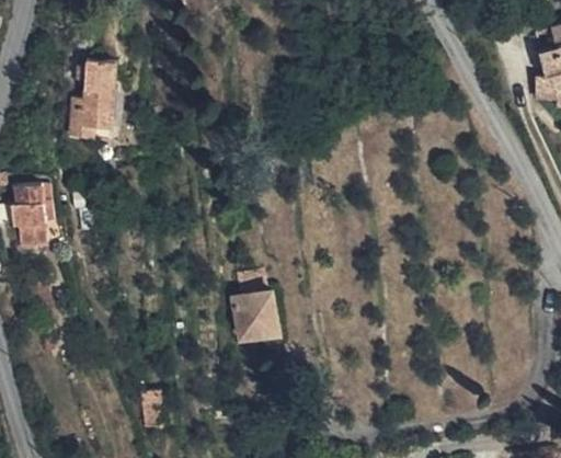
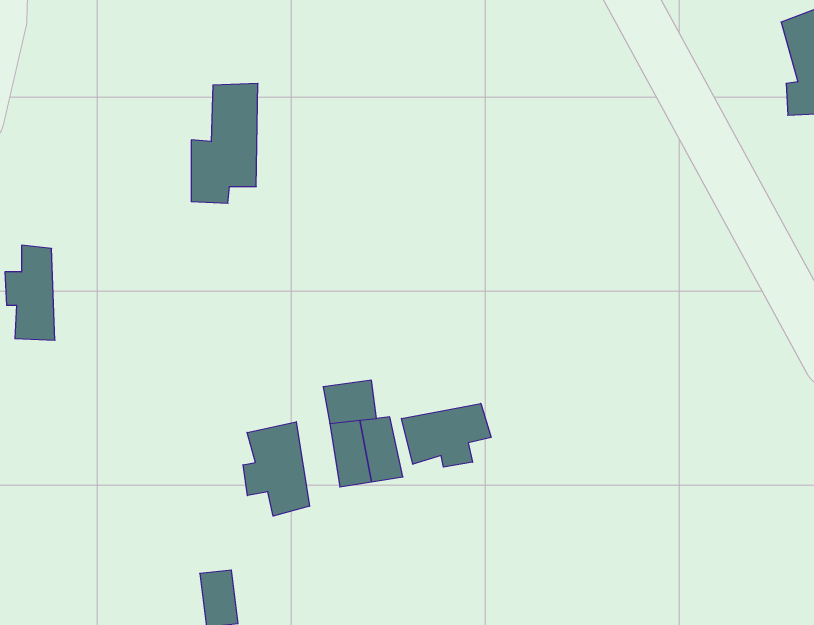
building: [68,60,112,139] -> [191,83,258,203]
building: none -> [402,403,491,467]
building: none -> [243,422,310,516]

